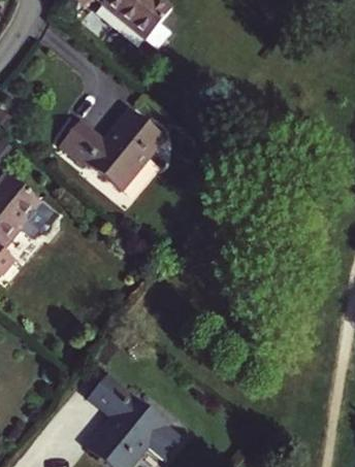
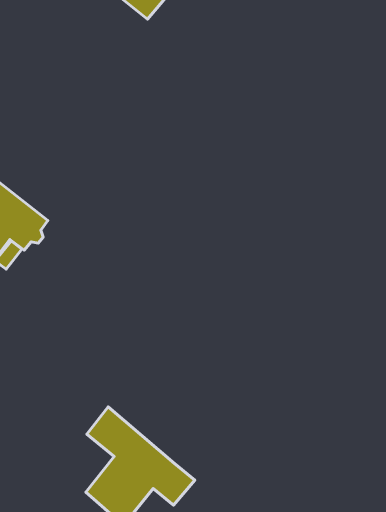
building: [64,110,165,191] -> none

